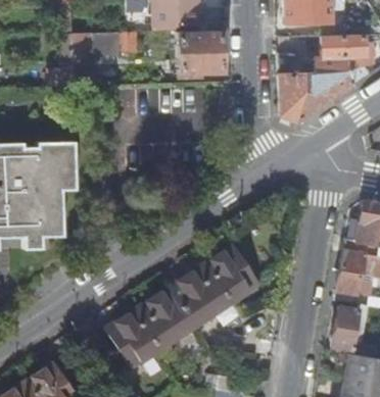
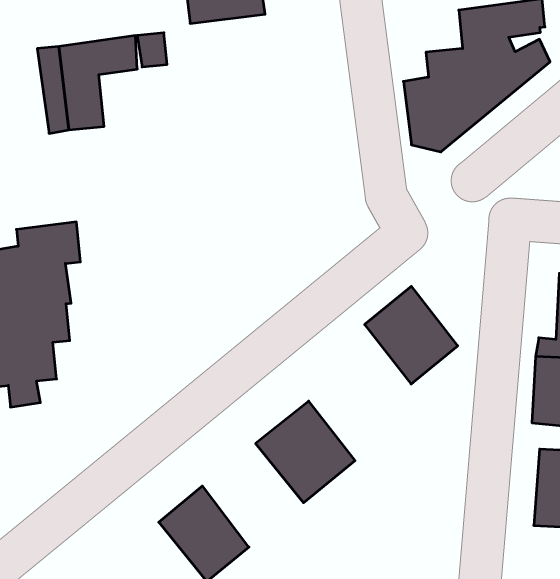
building: [184,30,222,77] -> none
building: [203,243,258,302] -> [365,286,458,384]
building: [134,286,194,348] -> none

